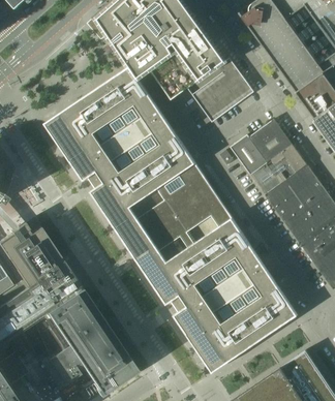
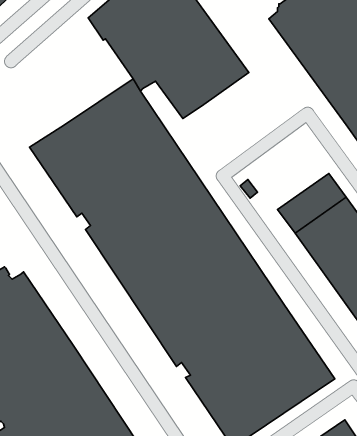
building: [187,59,254,122] -> none
building: [231,119,293,175] -> none

